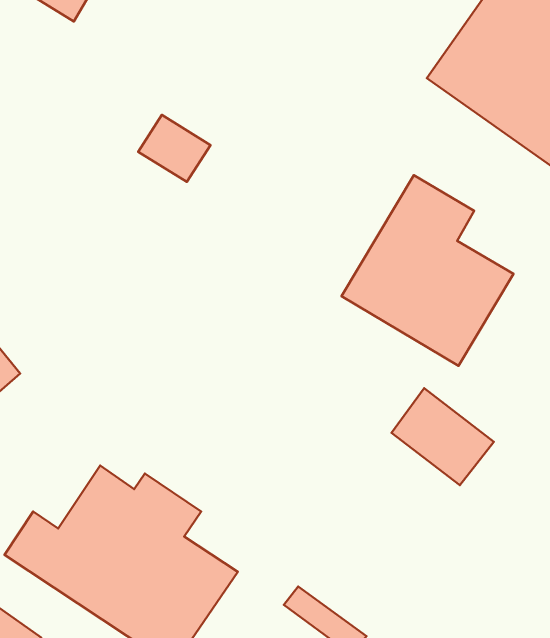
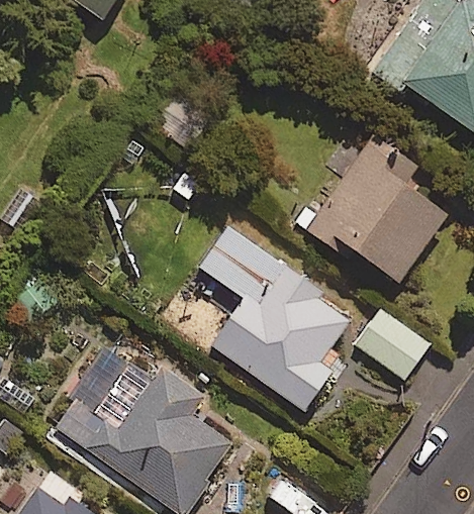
building: none -> [195,223,355,412]

